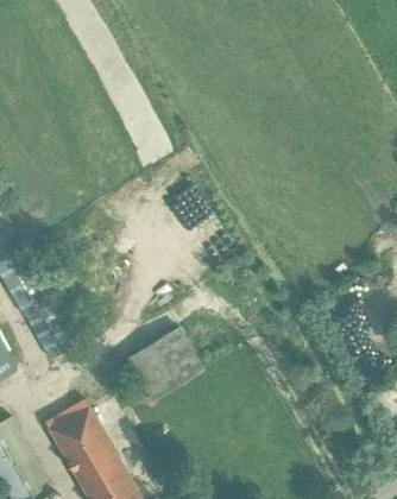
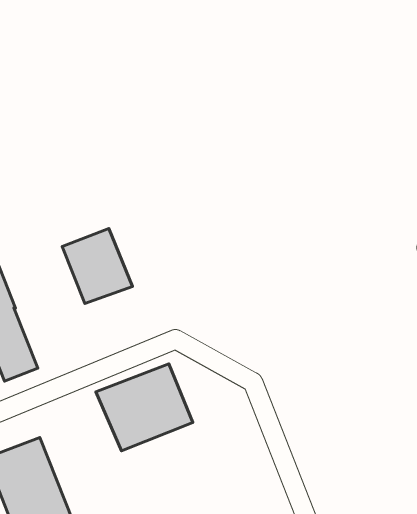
building: none -> [62,228,133,304]

